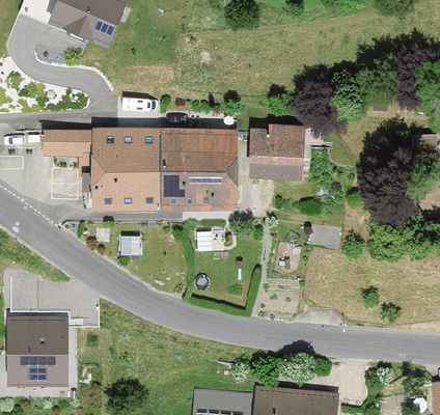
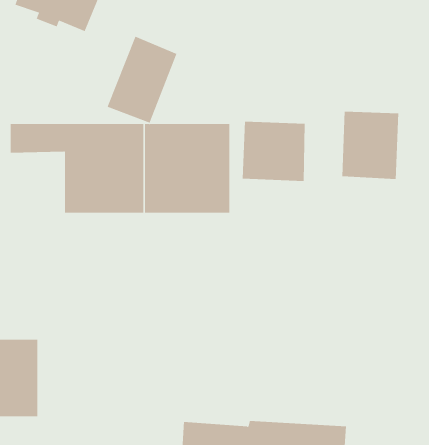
building: none -> [107,36,177,124]
building: none -> [342,111,399,180]

